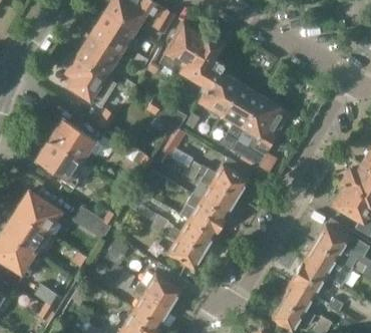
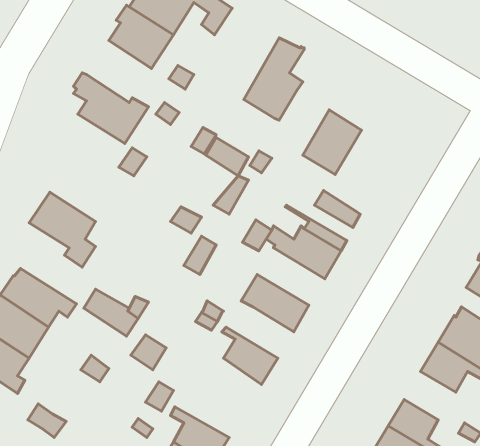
building: [158,24,207,77] -> none
building: [74,36,118,79] -> none
building: [197,71,240,115] -> none
building: [244,98,286,153] -> none
building: [49,119,111,160] -> none
building: [191,179,237,218] -> none
building: [169,219,216,254] -> none
building: [291,263,326,296] -> none
building: [134,274,181,308] -> none

